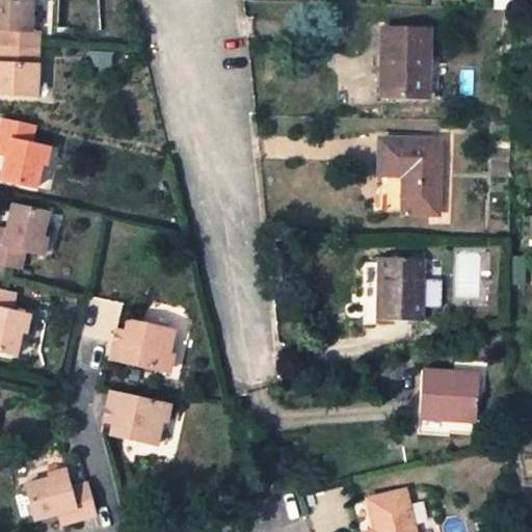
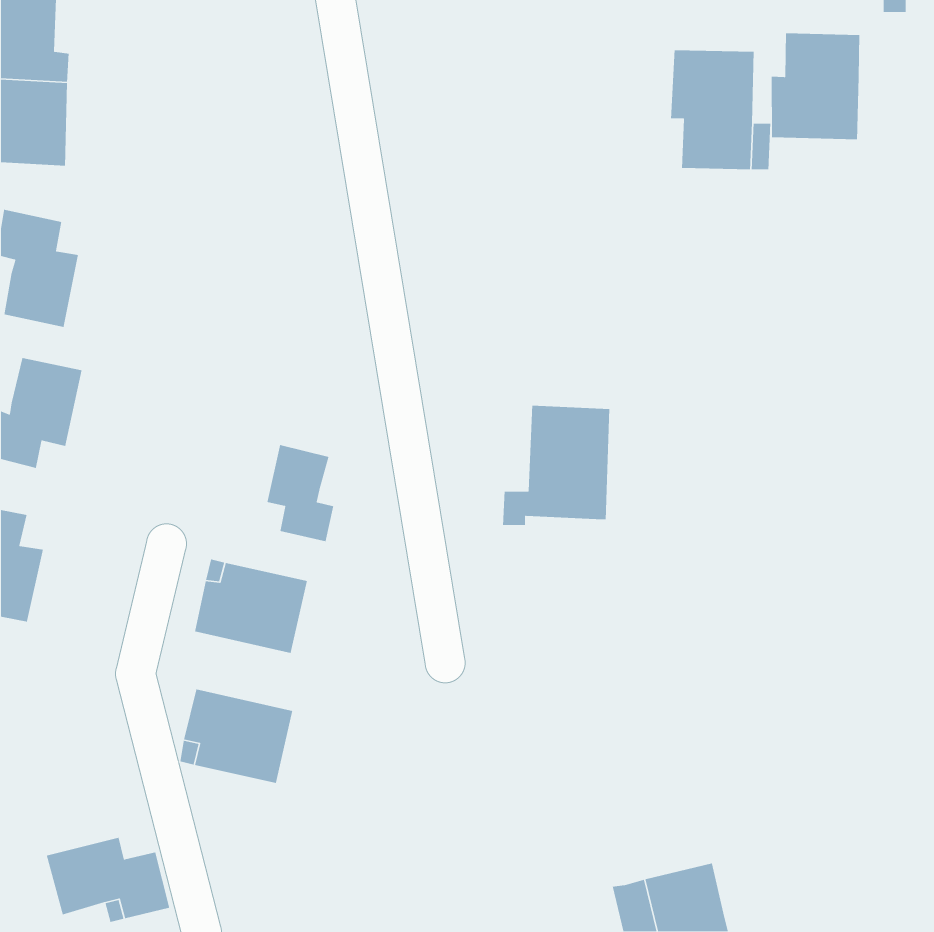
building: none -> [771,33,860,140]
building: [379,137,438,213] -> none
building: none -> [266,444,334,542]
building: [363,256,424,324] -> [502,405,610,526]
building: [417,369,478,434] -> none

